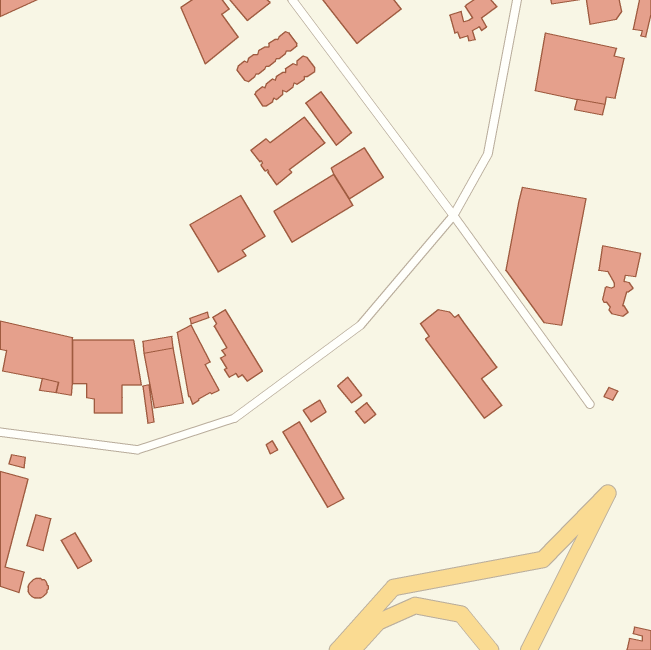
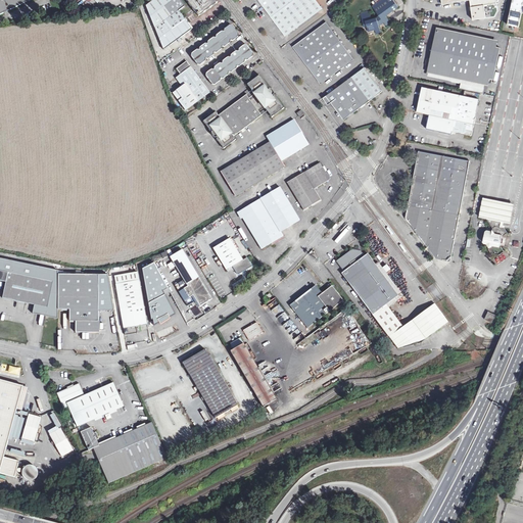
building: none -> [293,20,353,83]
building: none -> [175,61,208,111]
building: none -> [324,66,382,118]
building: none -> [417,86,479,135]
building: [190,196,265,272] -> [237,186,297,247]
building: none -> [286,161,328,207]
building: none -> [211,237,250,273]
building: none -> [290,285,343,326]
building: none -> [389,302,448,347]
building: none -> [182,347,237,416]
building: none -> [57,382,124,425]
building: none -> [81,421,167,480]

